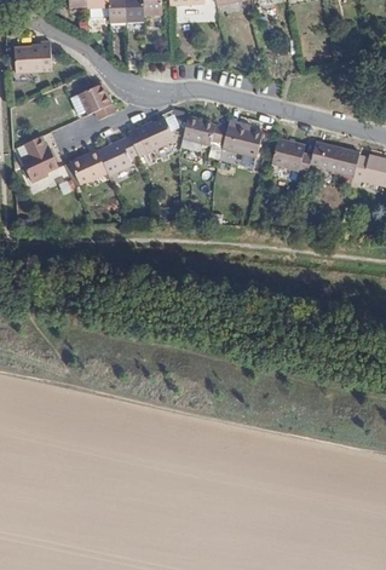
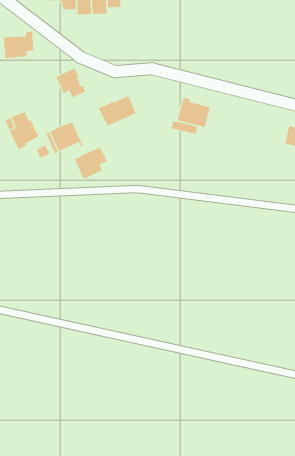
building: [186,117,231,146] -> none
building: [102,137,142,175] -> [74,147,108,180]
building: [273,138,315,173] -> none
building: [319,143,361,177] -> none

